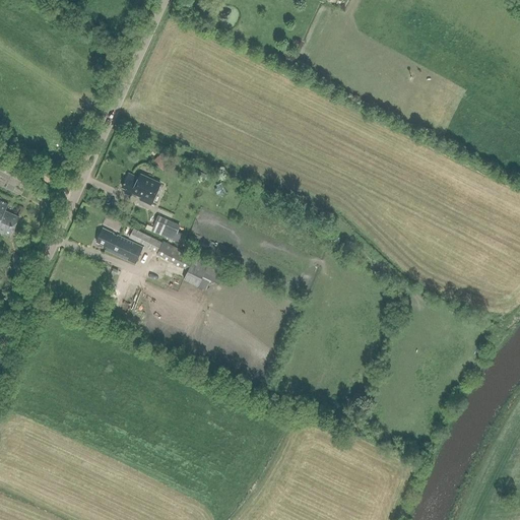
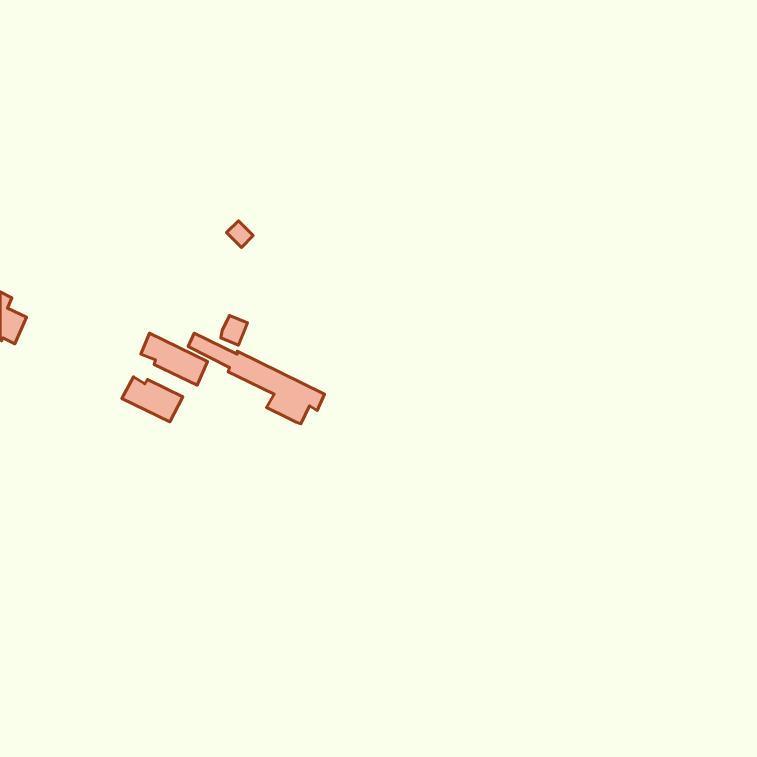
building: [122,174,160,204] -> none
building: none -> [122,377,183,422]

